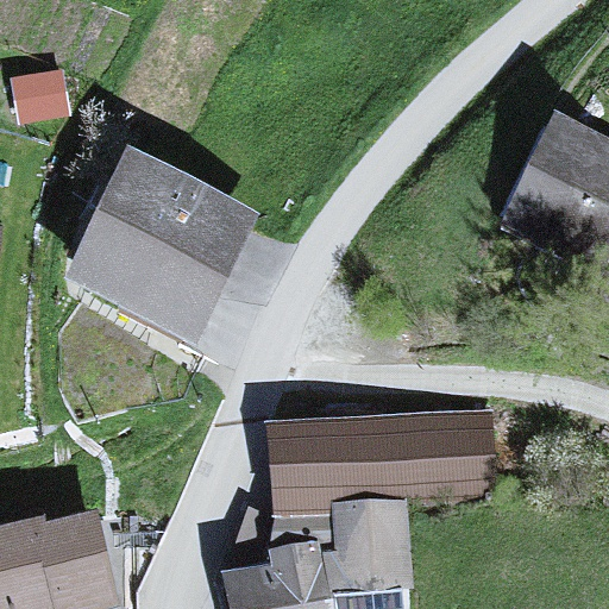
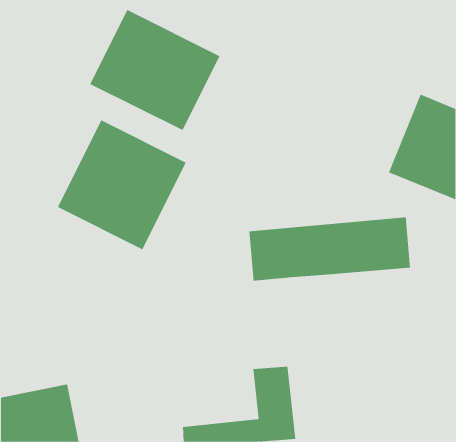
building: none -> [90,9,220,131]
building: [278,410,495,496] -> [248,217,411,281]

